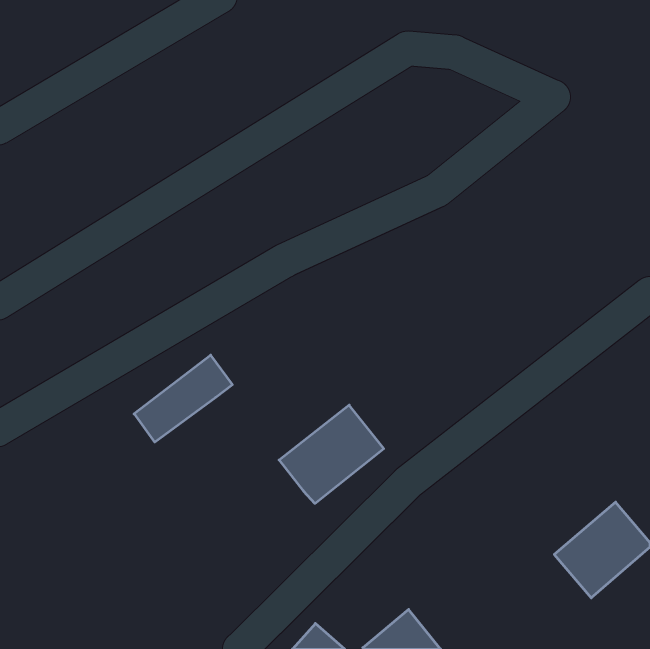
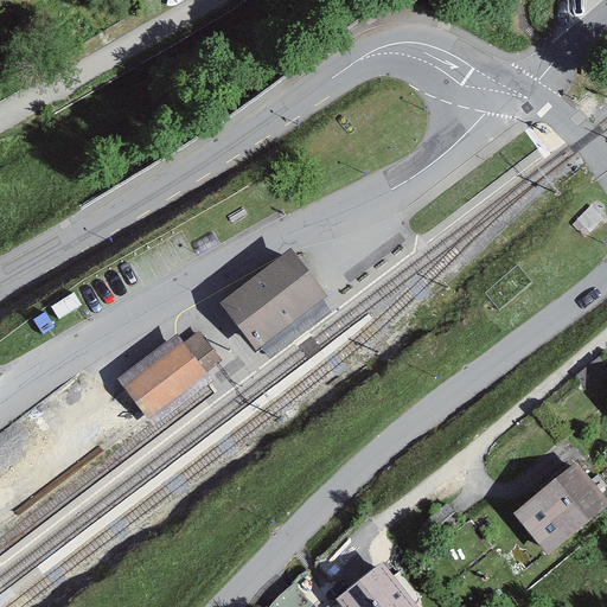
building: [279,405,384,503] -> [223,255,320,346]

